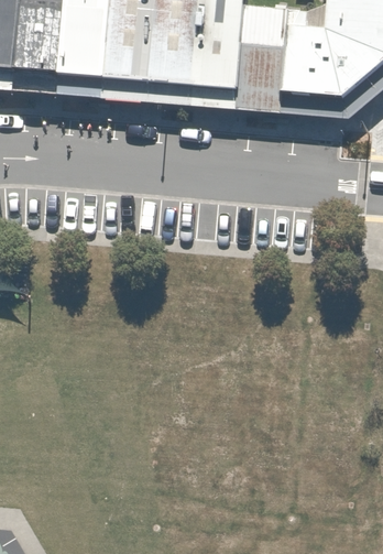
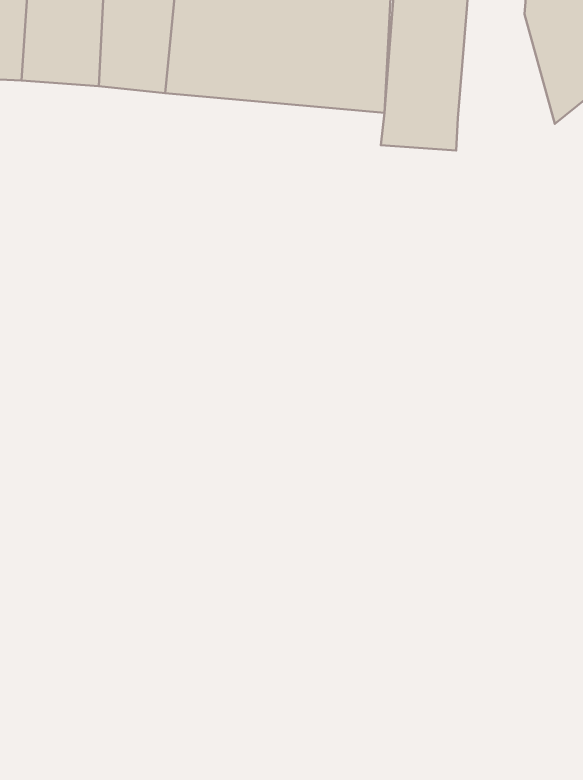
building: [282,25,341,96] -> none

